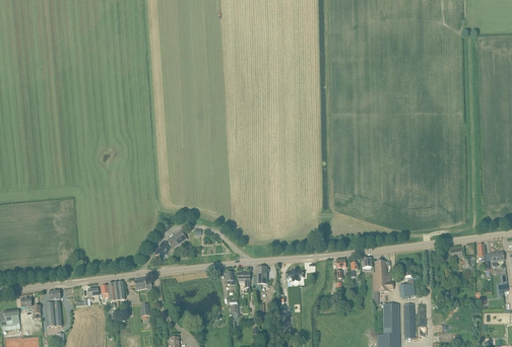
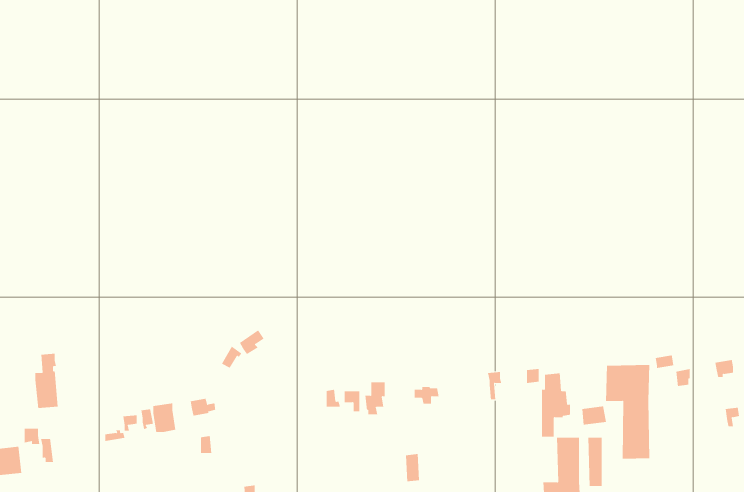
building: none -> [605,364,650,459]
building: [46,289,62,327] -> [35,353,58,408]

